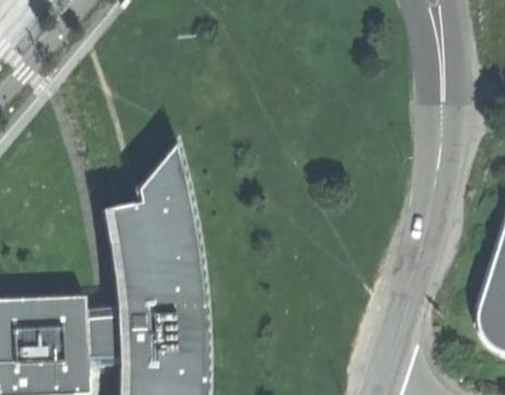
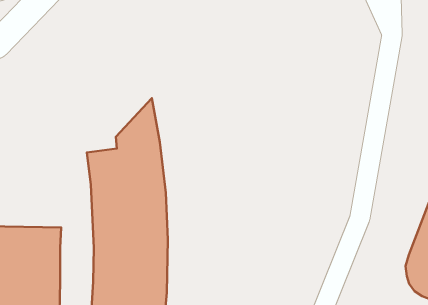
building: [85,319,124,359] -> none

